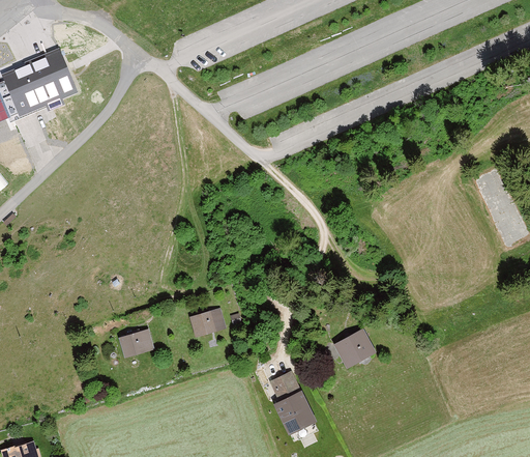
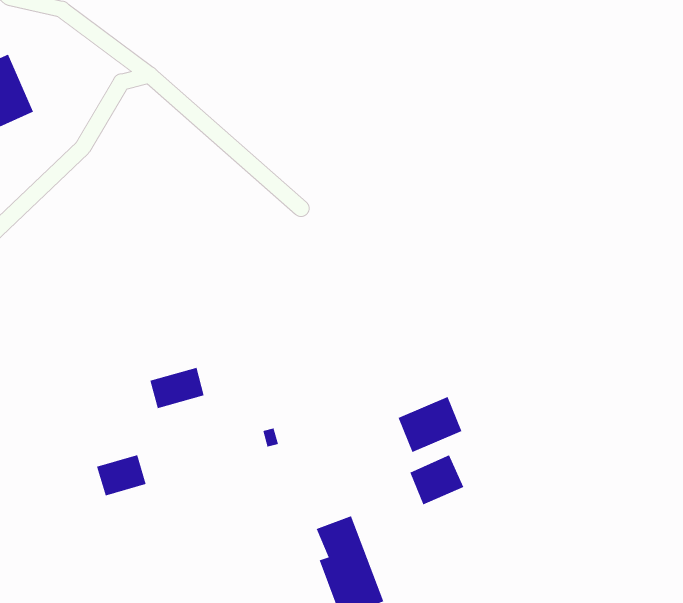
building: none -> [398,396,462,453]
building: [189,308,228,337] -> [150,367,205,409]

